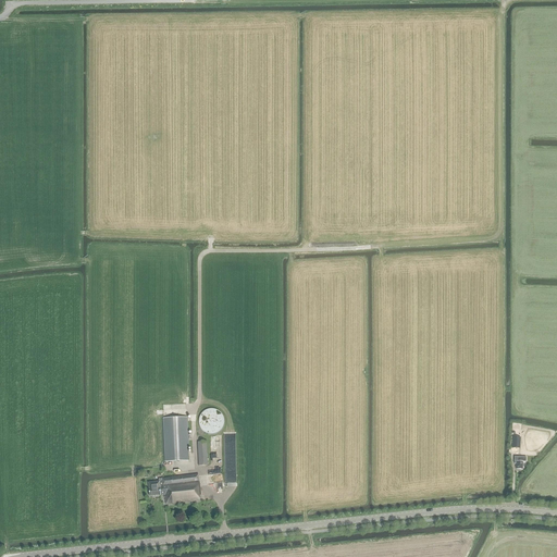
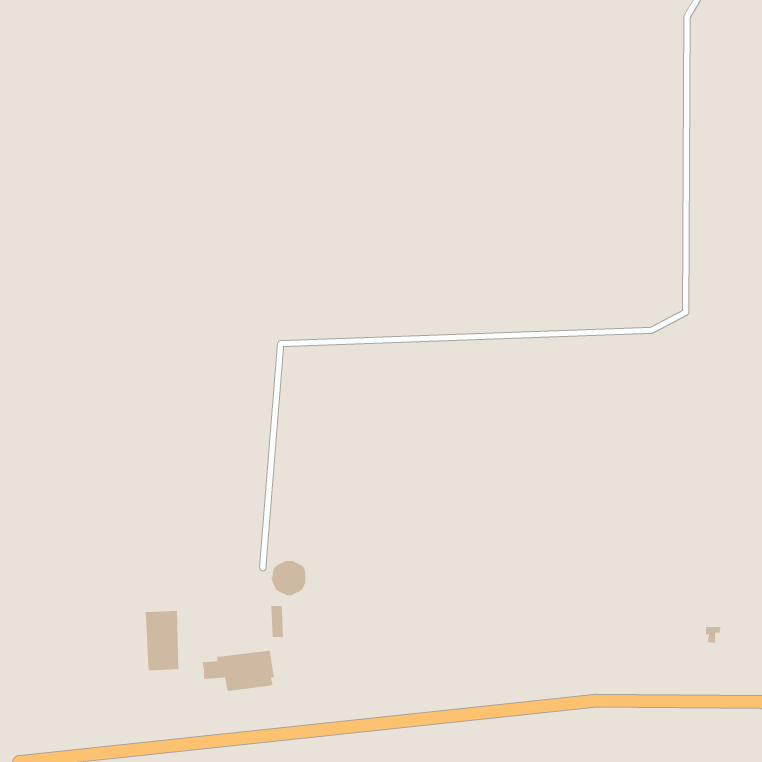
building: [162,417,187,461] -> [145,610,179,671]

